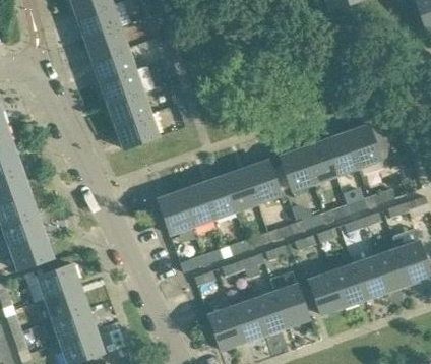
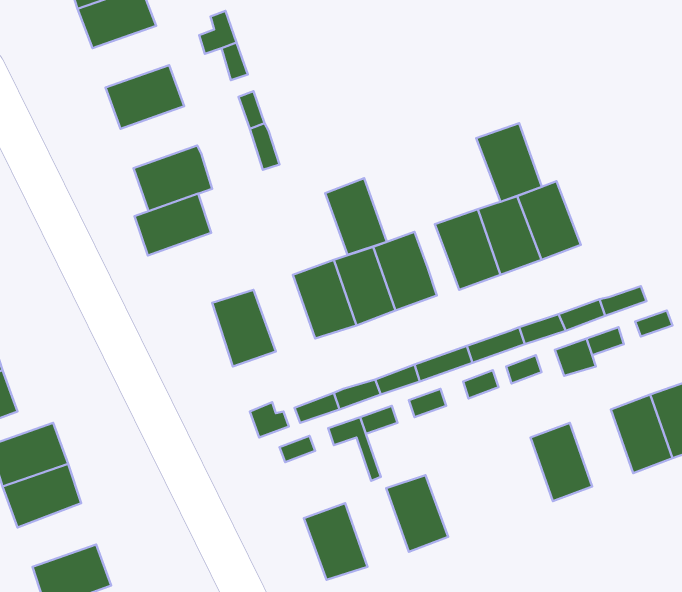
building: [94,48,135,81] -> none
building: [109,92,150,125] -> [135,194,211,255]
building: [346,124,381,167] -> [476,123,542,202]
building: [181,183,214,225] -> [325,178,387,255]
building: [353,256,387,298] -> none
building: [309,271,344,313] -> none
building: [274,284,309,325] -> none
building: [231,299,265,342] -> none
building: [53,307,96,342] -> none

